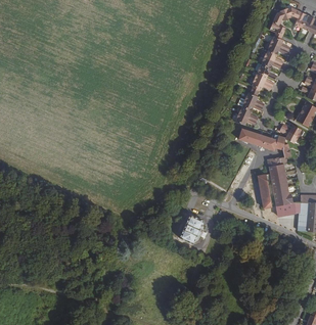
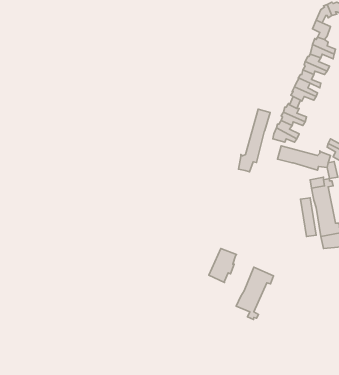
building: none -> [238,109,270,172]
building: none -> [236,267,273,320]

